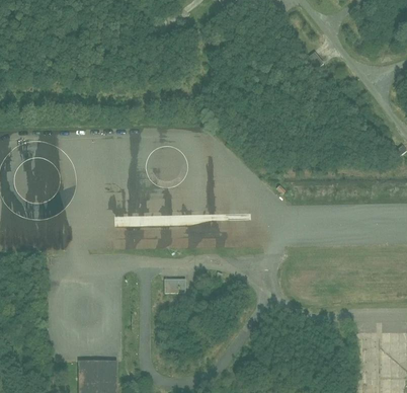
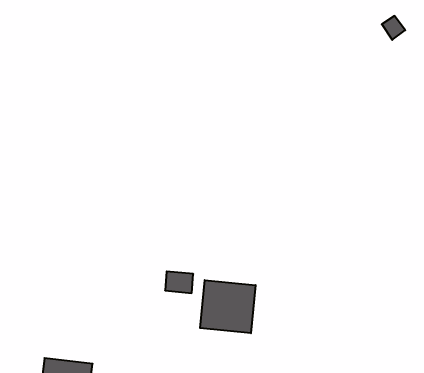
building: none -> [200,280,256,333]

